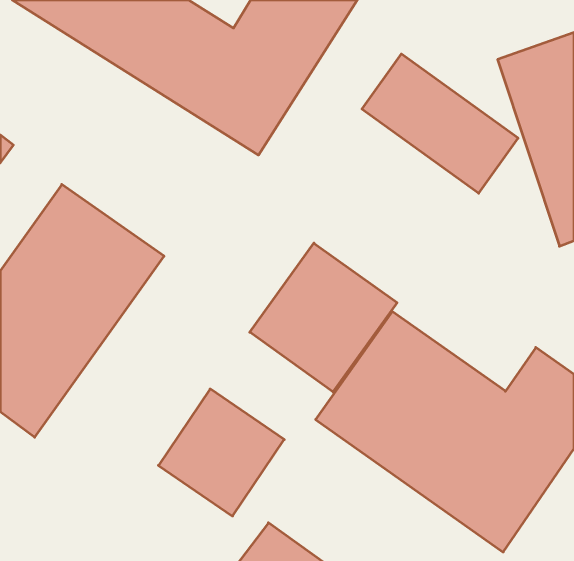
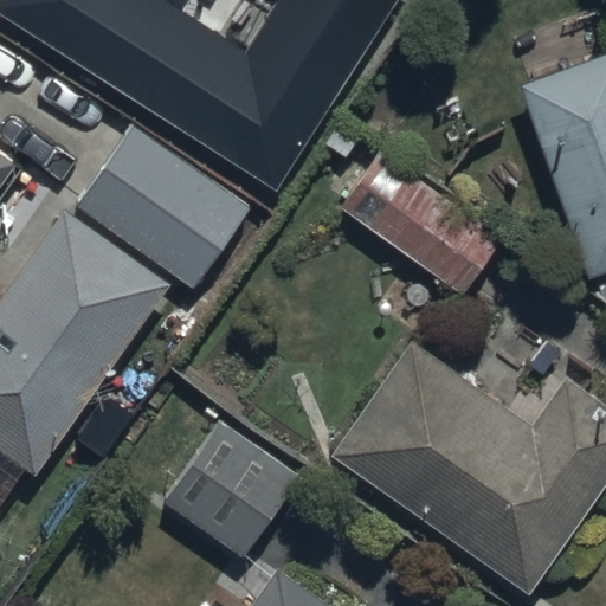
building: [362,54,518,193] -> [340,150,504,297]
building: none -> [78,129,252,291]
building: [250,243,397,392] -> none

